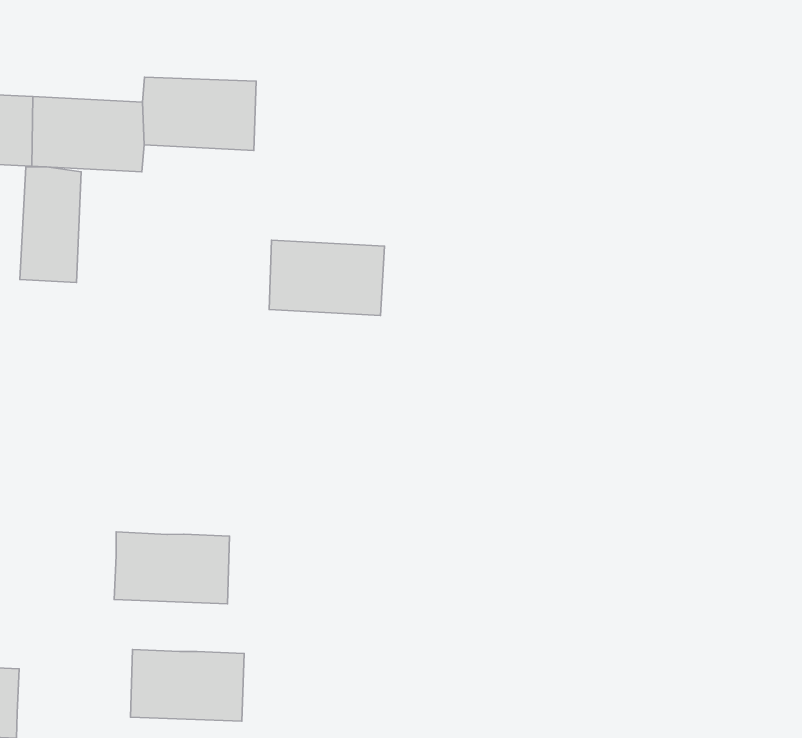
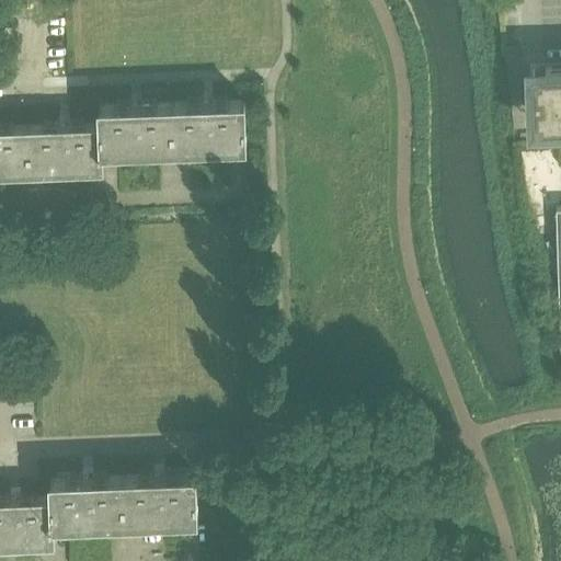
building: [20,167,81,283] -> none
building: [269,240,385,315] -> [170,114,244,161]
building: [114,532,230,604] -> [47,490,123,537]

